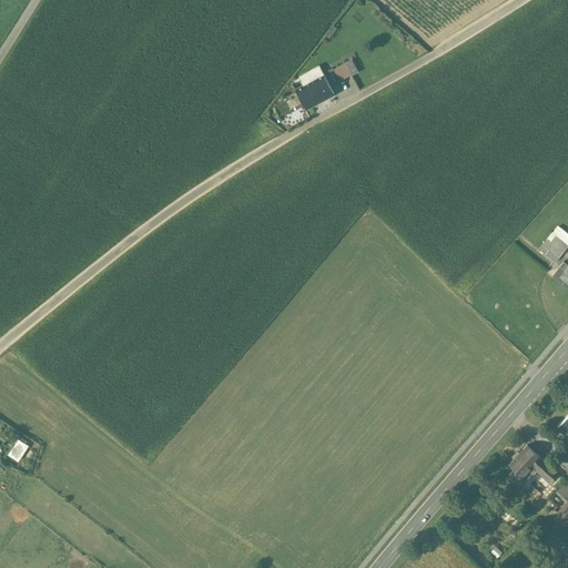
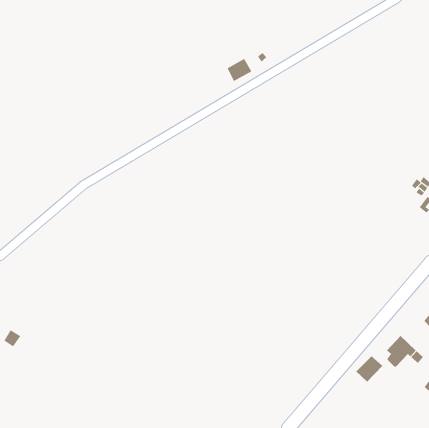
building: none -> [356,355,383,383]

